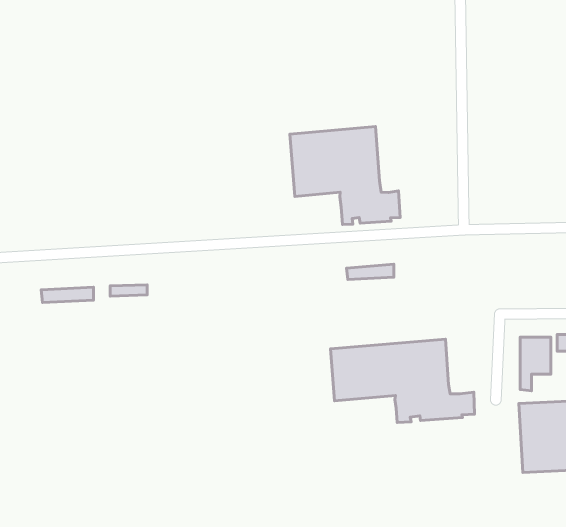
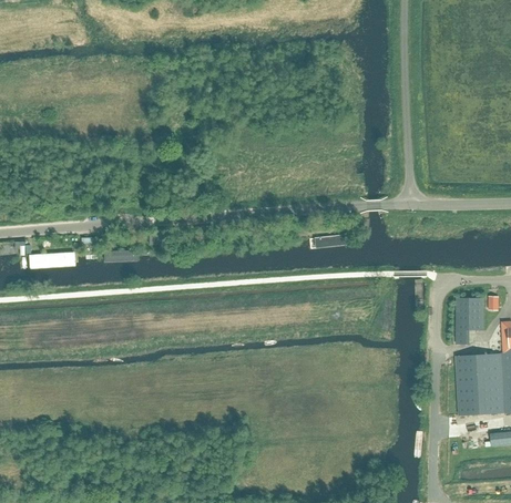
building: [290,127,400,225] -> none
building: [330,339,474,422] -> none

